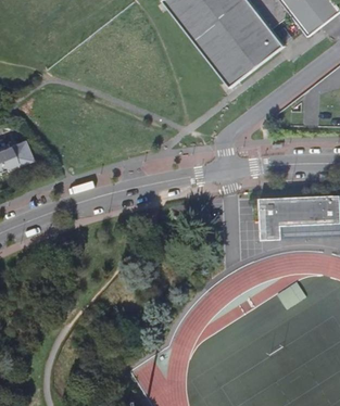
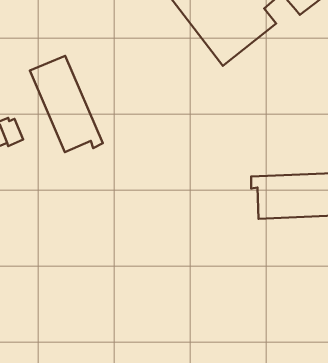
building: none -> [30,56,103,152]

